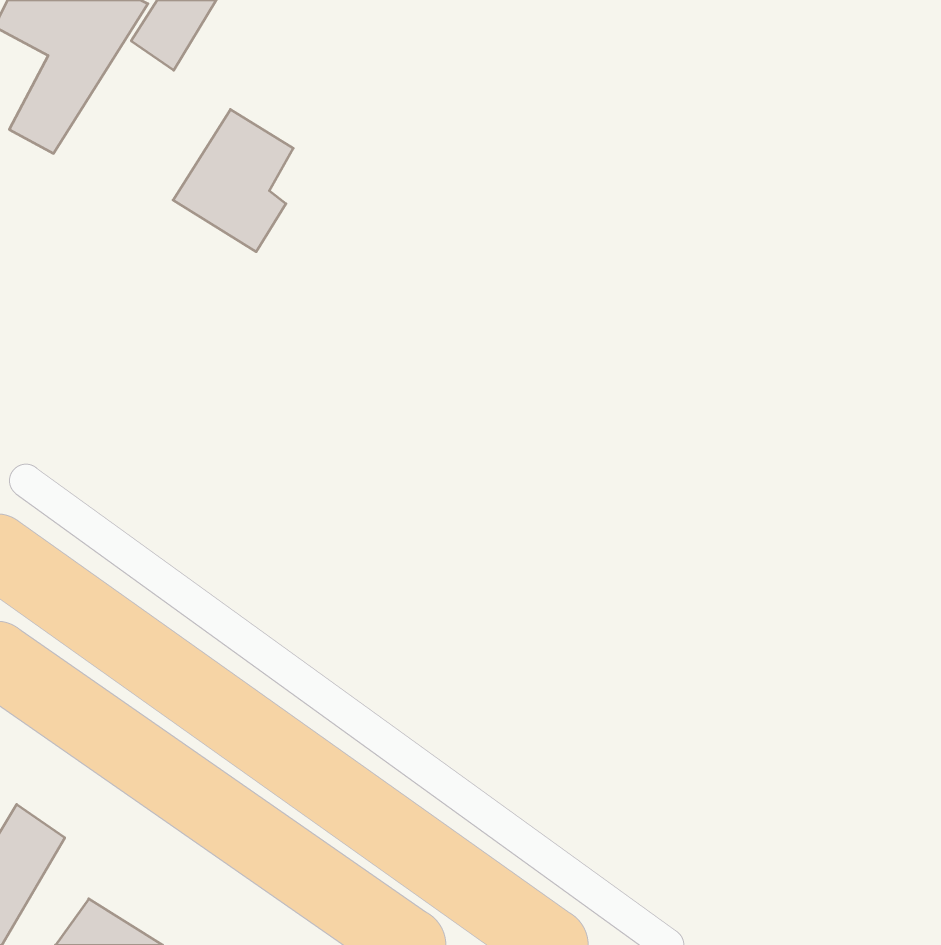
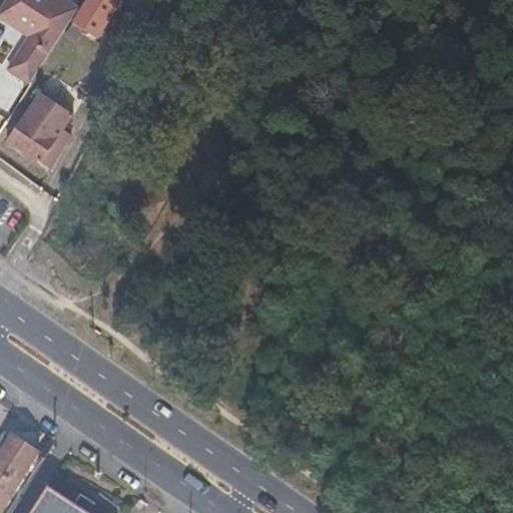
building: [173,109,293,252] -> [6,93,71,170]

